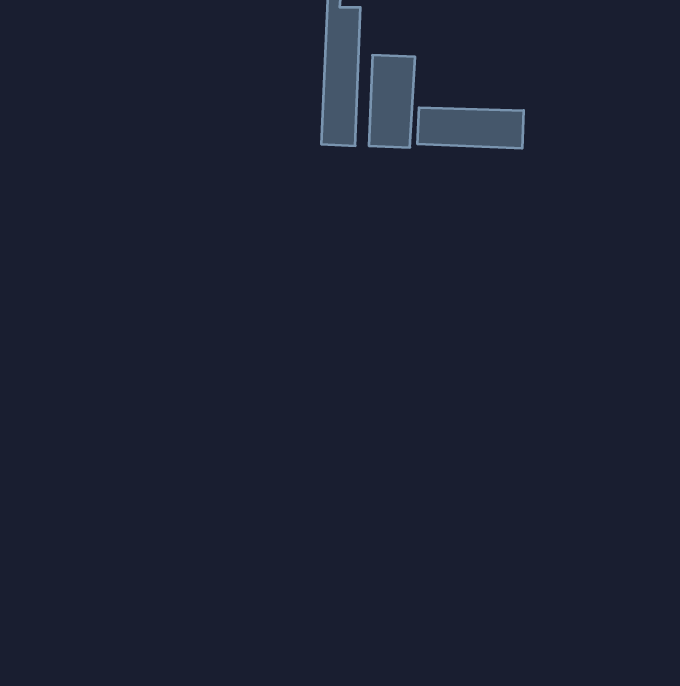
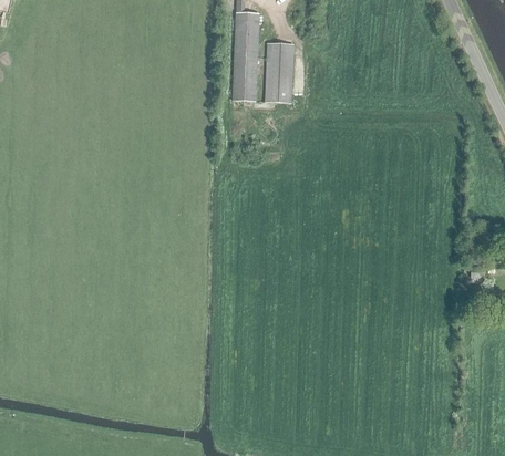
building: [418,108,524,148] -> none

